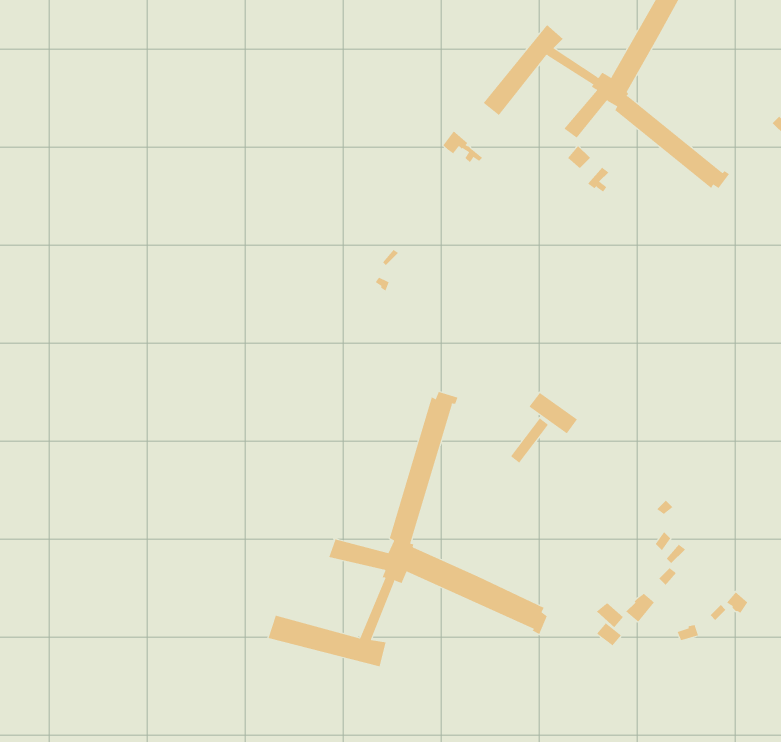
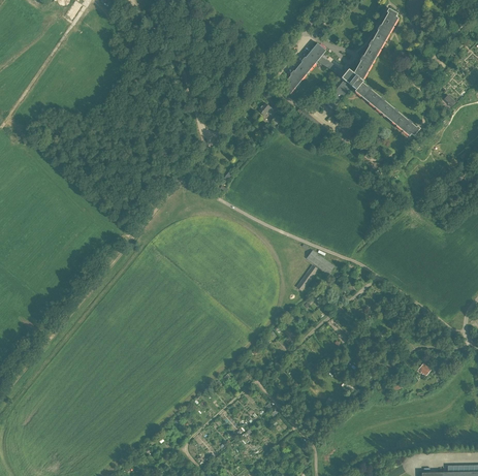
building: [268,391,548,667] -> none

